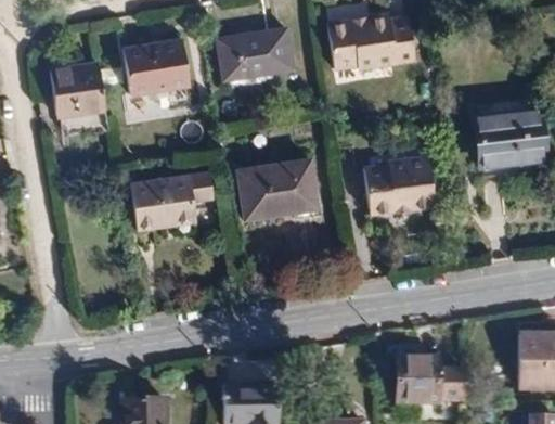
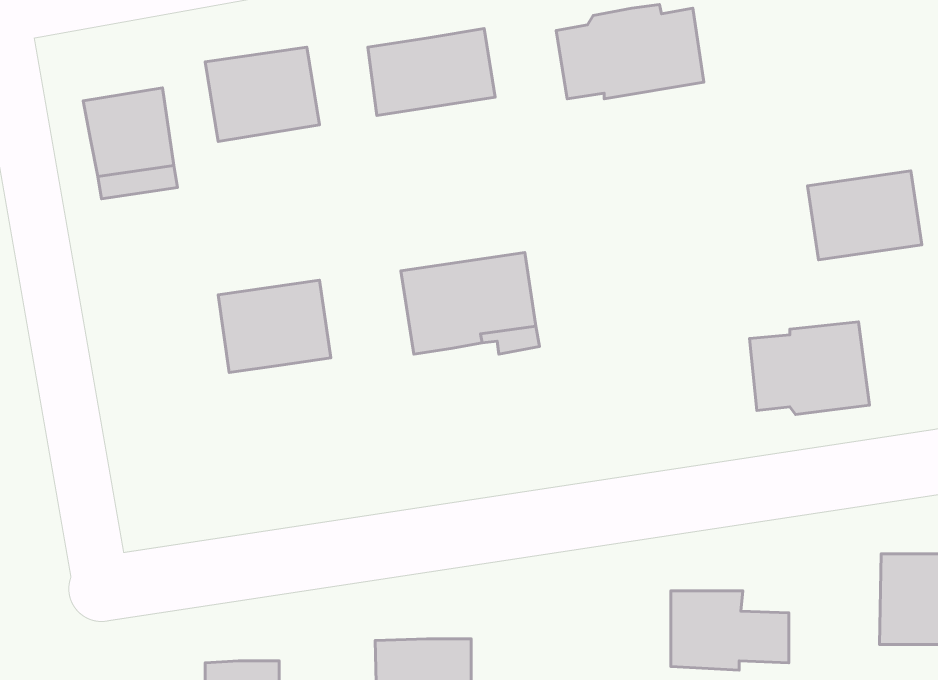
building: [365,157,436,211] -> [749,322,869,414]

